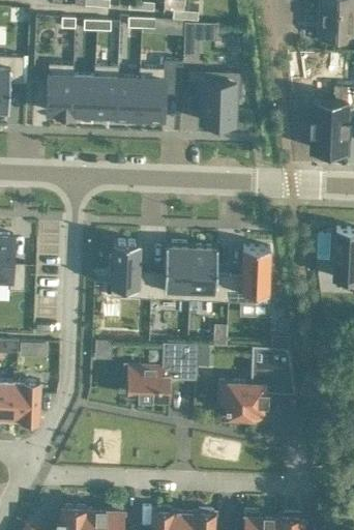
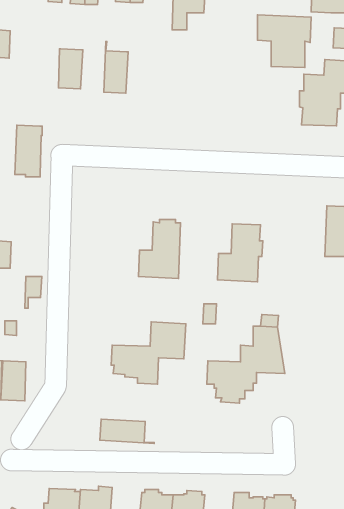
building: [138,61,182,120] -> none
building: [47,65,73,116] -> [15,125,42,177]
building: [93,67,118,118] -> none
building: [187,72,240,124] -> [257,15,311,68]
building: [109,242,151,299] -> none
building: [189,246,229,302] -> none
building: none -> [100,419,154,443]

